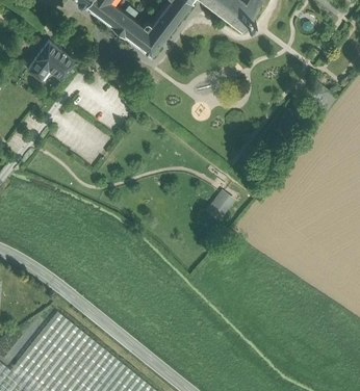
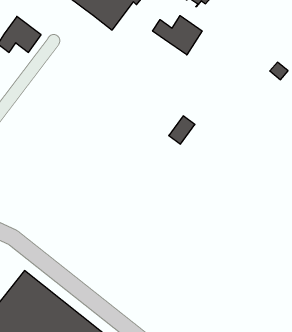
building: none -> [153,16,202,55]
building: [207,192,235,223] -> [169,116,195,144]

